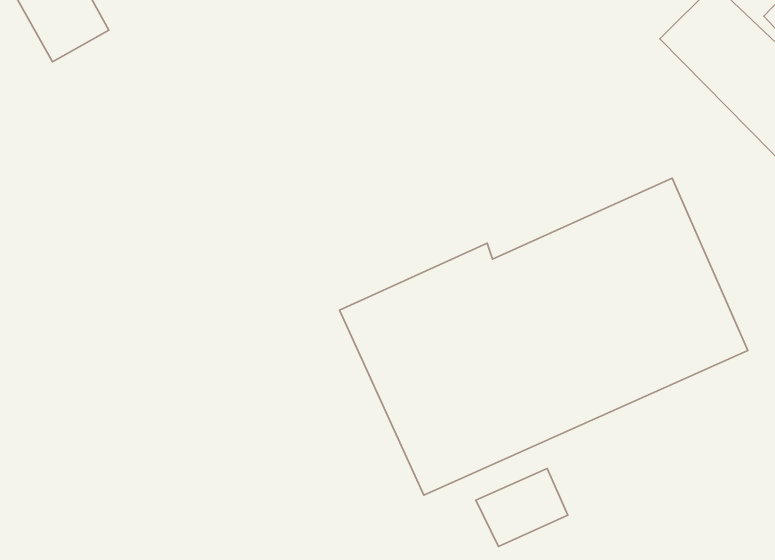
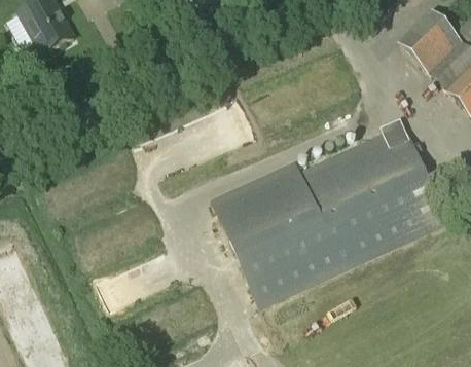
building: [476,468,568,546] -> none

